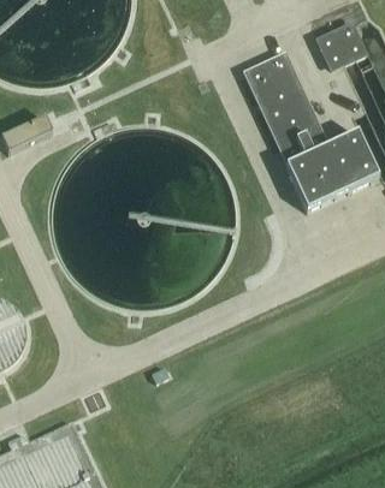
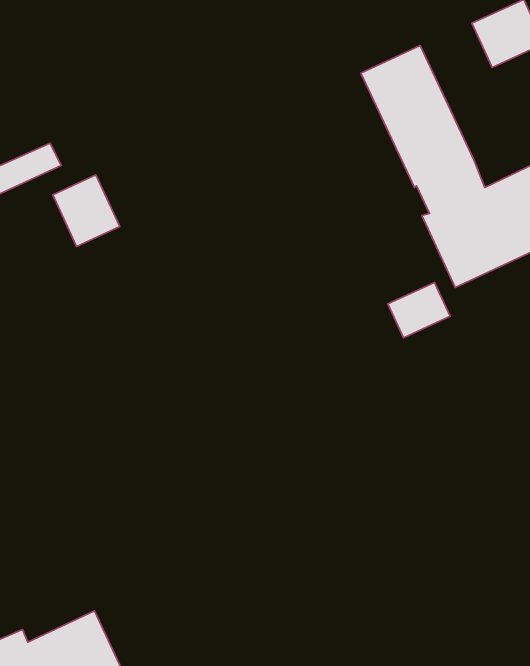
building: none -> [53,175,120,247]
building: none -> [388,282,450,338]

